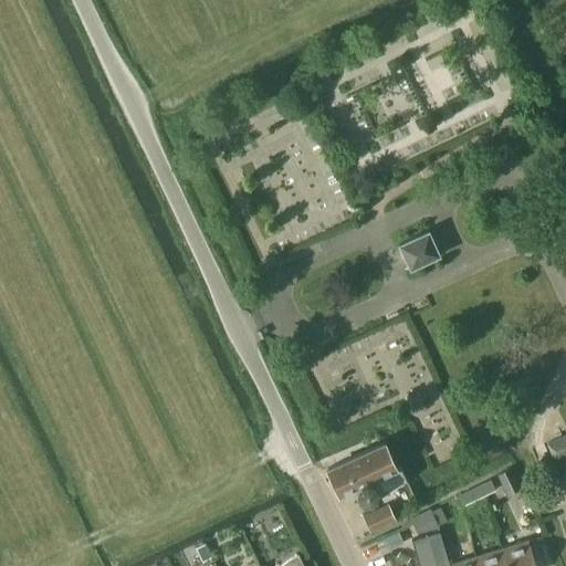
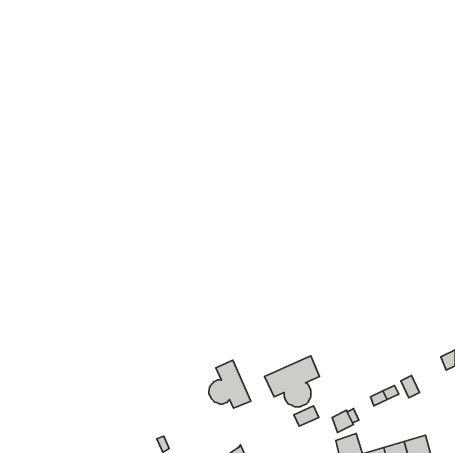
building: [398,232,440,271] -> none
building: none -> [209,360,251,408]

